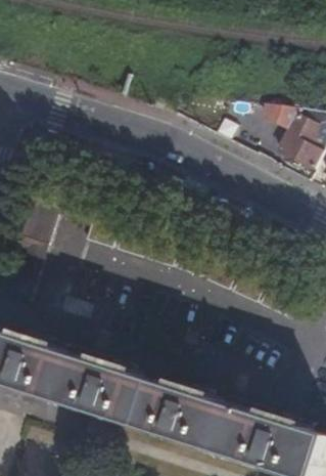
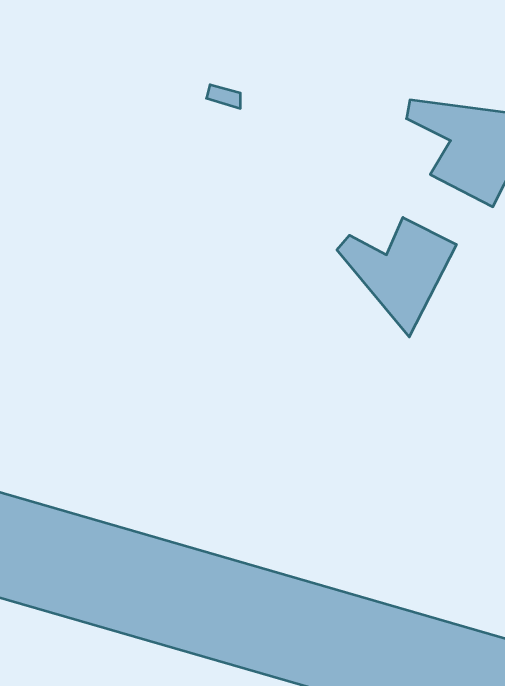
building: none -> [337,217,456,337]

